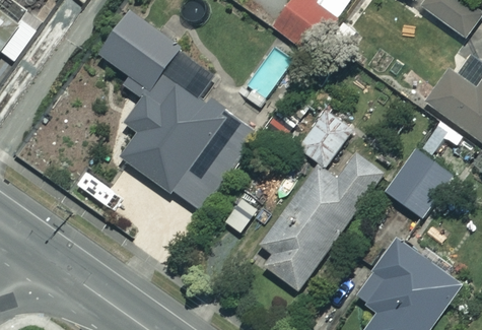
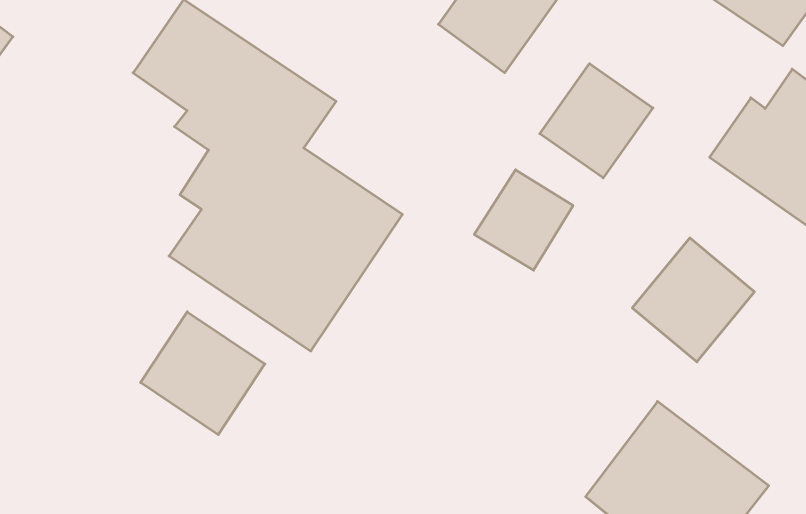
building: none -> [540,64,653,178]
building: [261,149,383,290] -> none
building: none -> [141,312,265,435]

